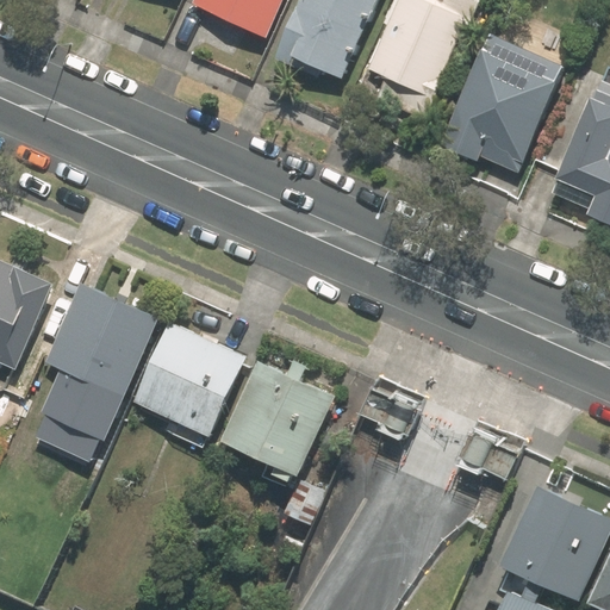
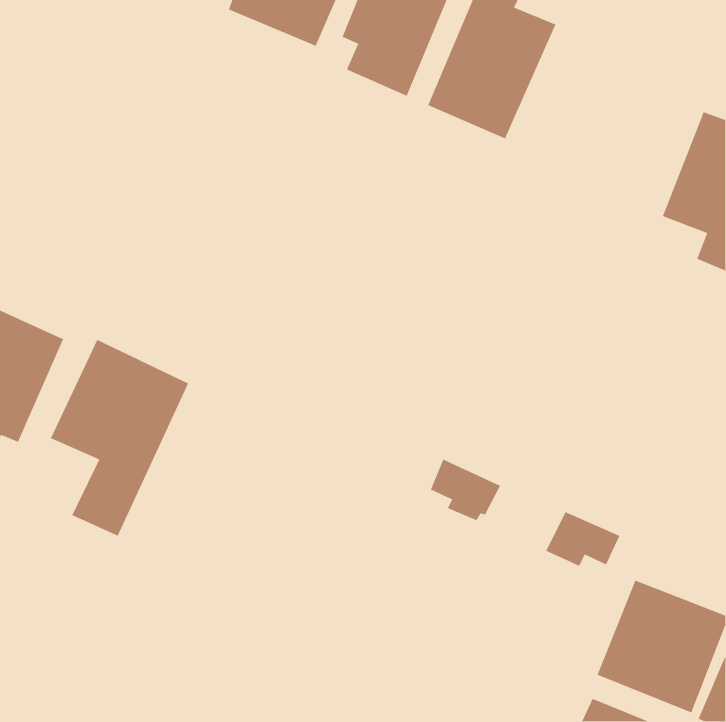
building: [440,36,564,173] -> none
building: [130,319,247,438] -> none
building: [216,360,336,483] -> none

